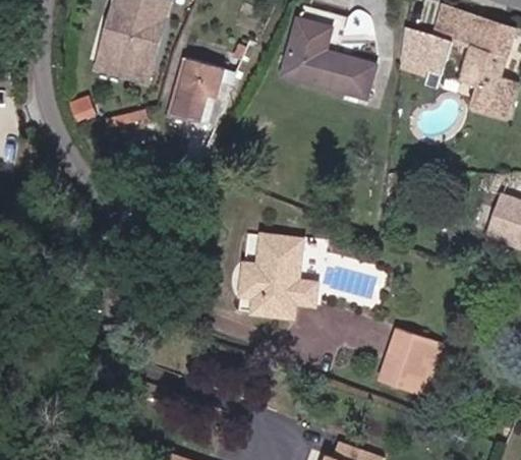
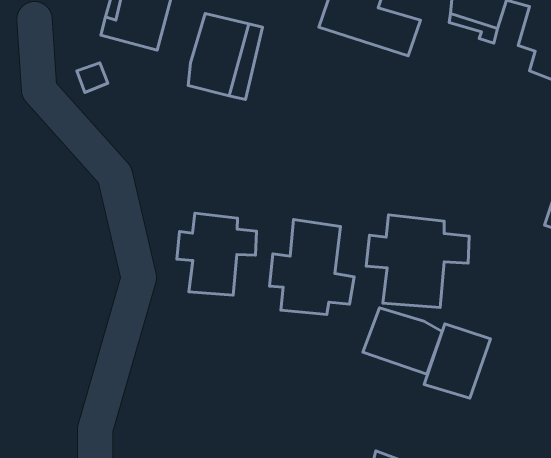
building: none -> [177,213,256,295]
building: none -> [366,215,469,308]
building: none -> [363,308,442,374]

